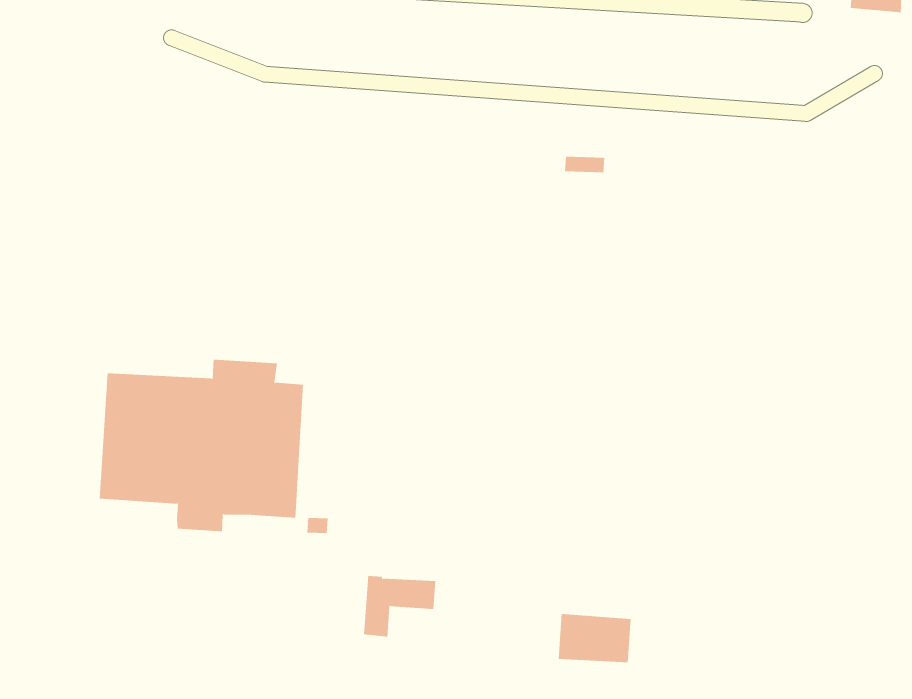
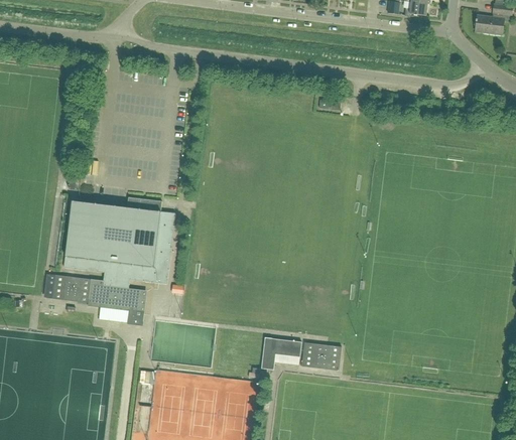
building: none -> [43,273,145,325]
building: [363,575,436,637] -> [260,336,300,370]

